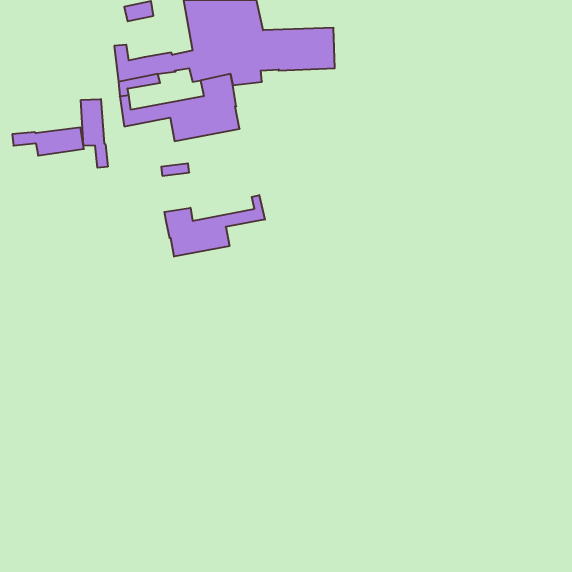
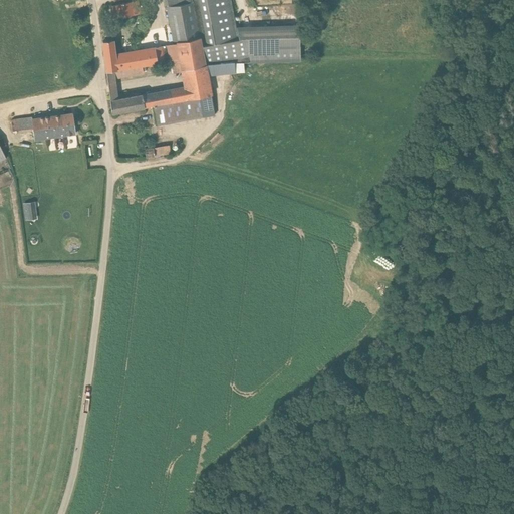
building: [81,99,108,168] -> none
building: [164,195,265,257] -> none

